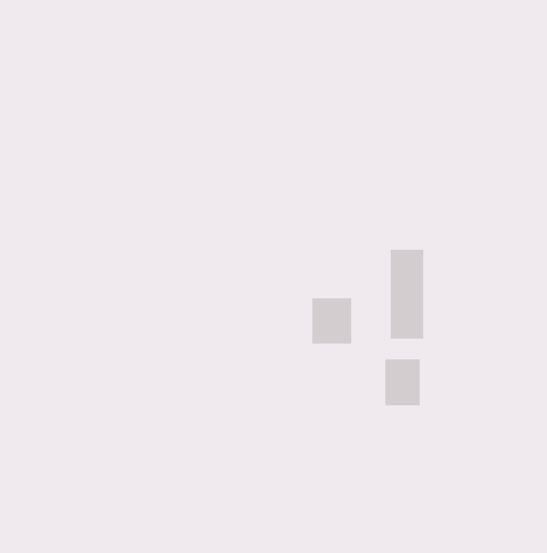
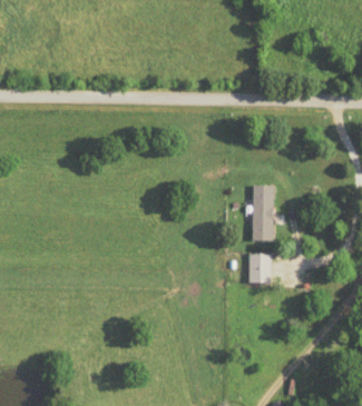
building: [312,297,352,344] -> none

